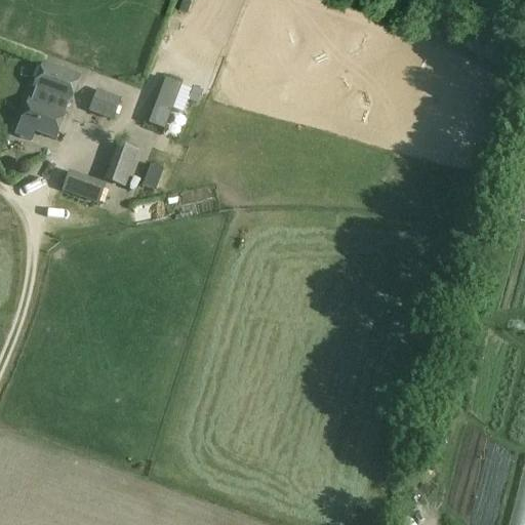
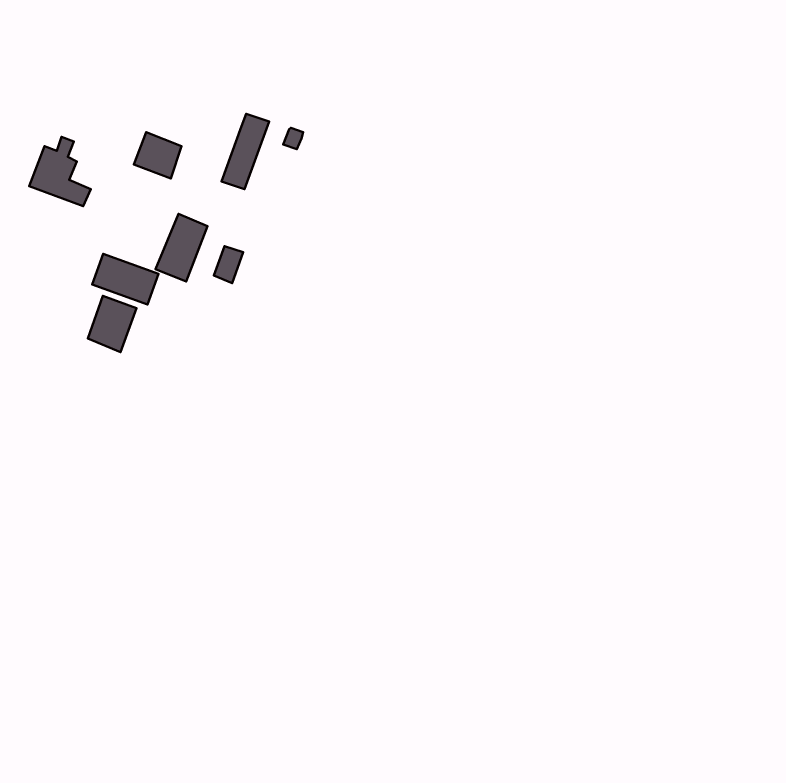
building: [34,60,80,126] -> none
building: none -> [88,296,137,352]

